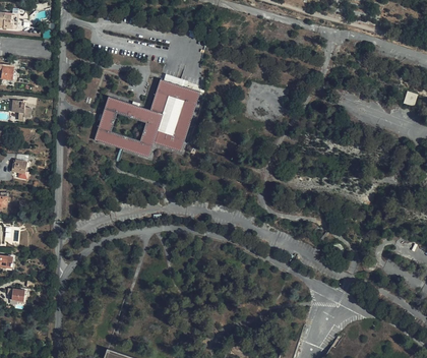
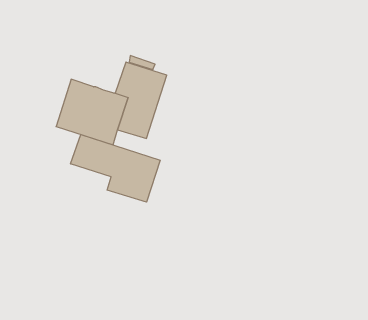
building: none -> [71,135,160,202]

